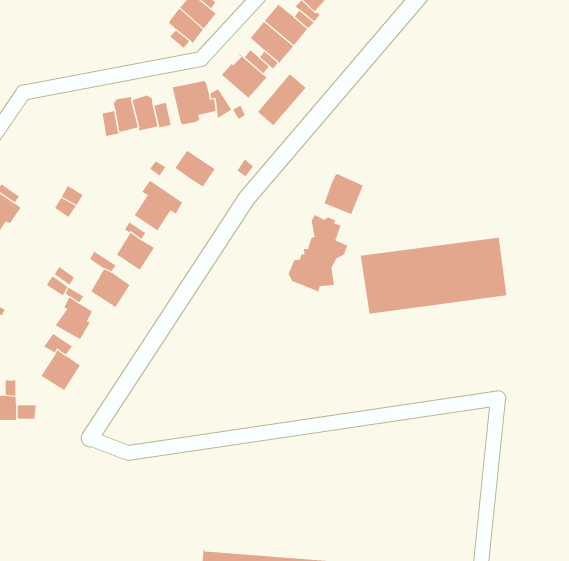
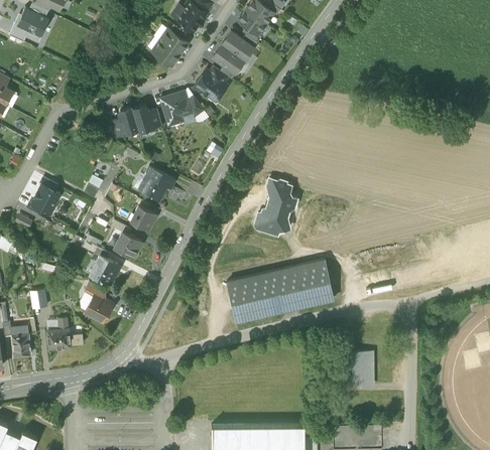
building: [257,74,306,126] -> none
building: [175,150,215,187] -> none
building: [324,173,363,215] -> none
building: [360,237,507,314] -> [226,260,334,323]
building: none -> [353,352,372,380]

